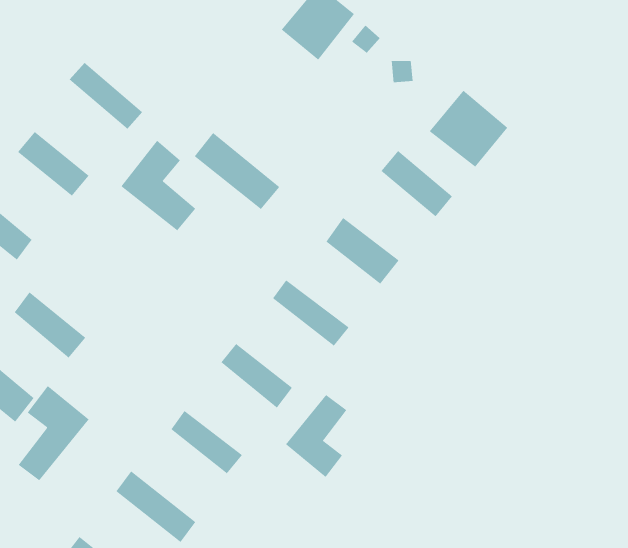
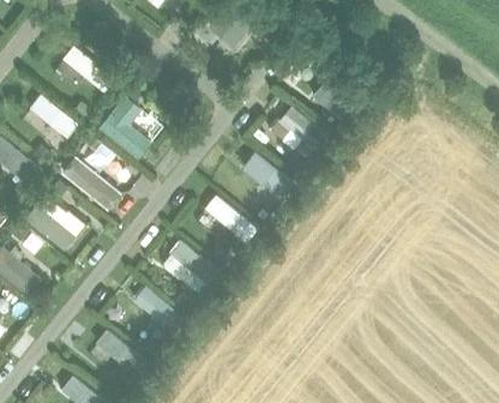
building: [194,132,280,210] -> [60,156,120,210]
building: [18,385,89,481] -> none
building: [285,394,347,478] -> none

